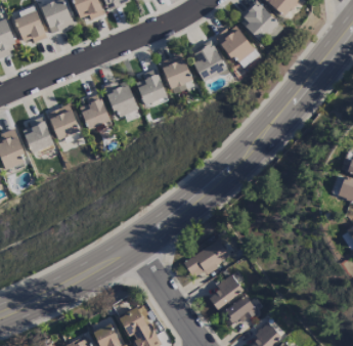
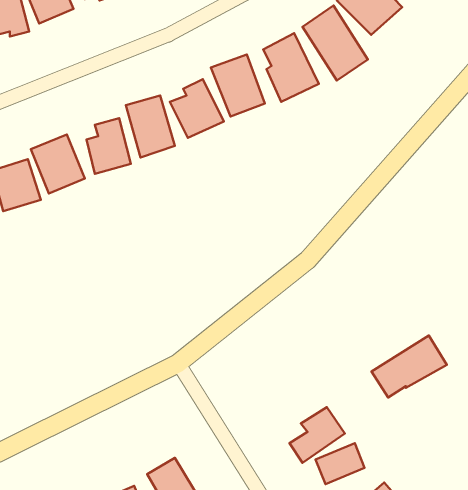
building: [183,240,230,278] -> [372,336,447,398]

